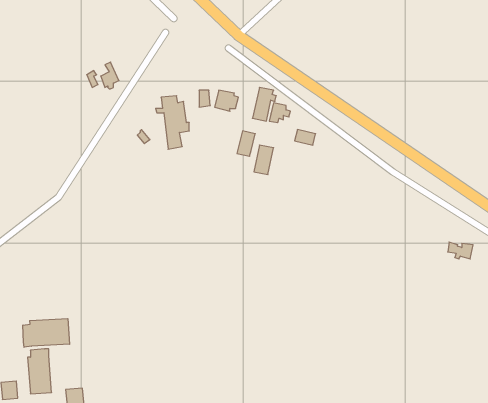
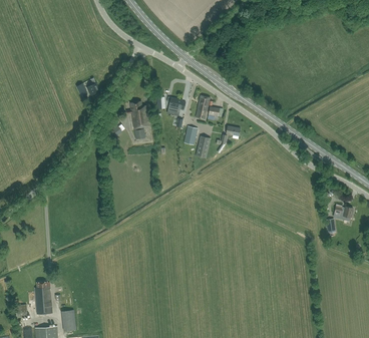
building: [23,319,70,347] -> none

